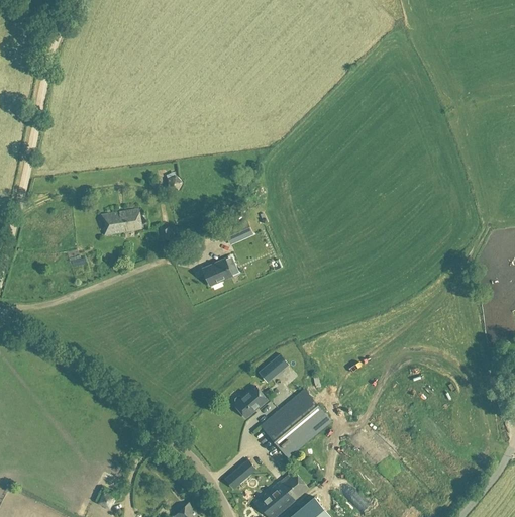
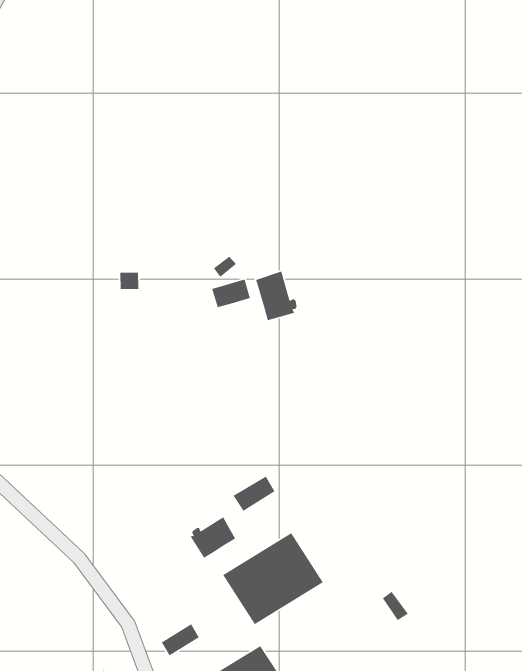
building: [101,210,140,236] -> none
building: none -> [255,271,297,321]
building: [202,261,231,286] -> none

